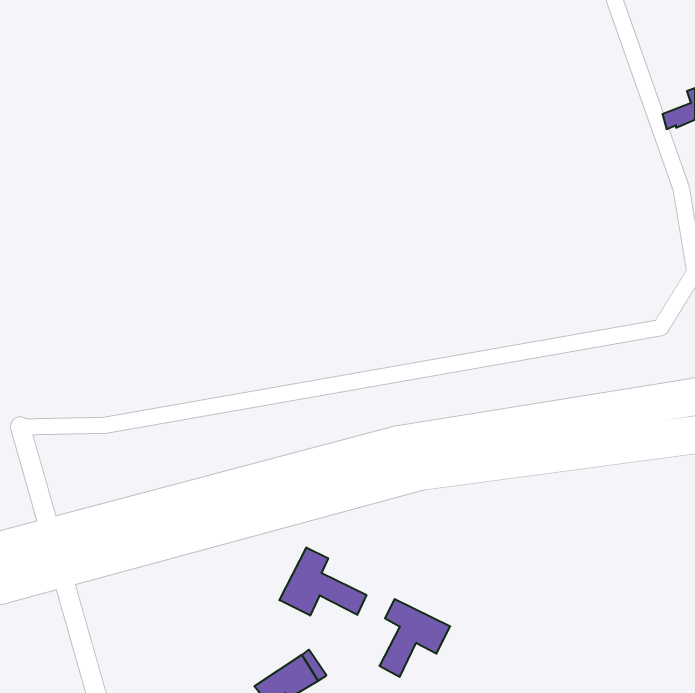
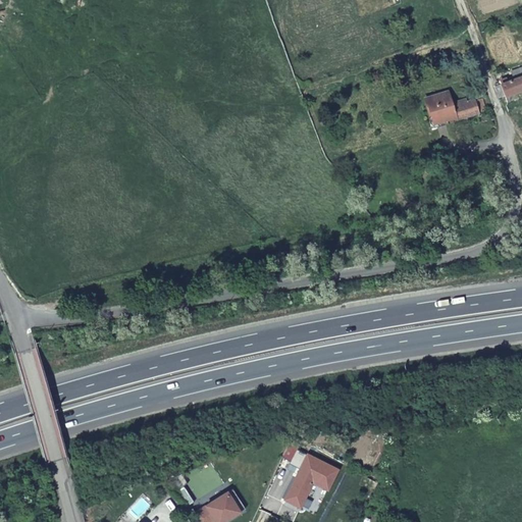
building: none -> [425,91,488,123]
building: [279,547,366,616] -> none

